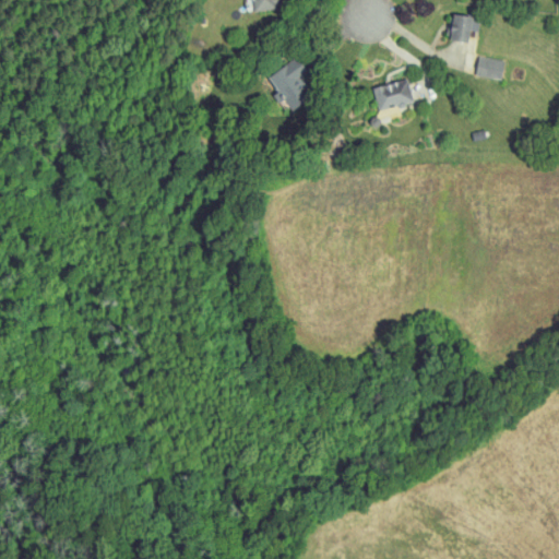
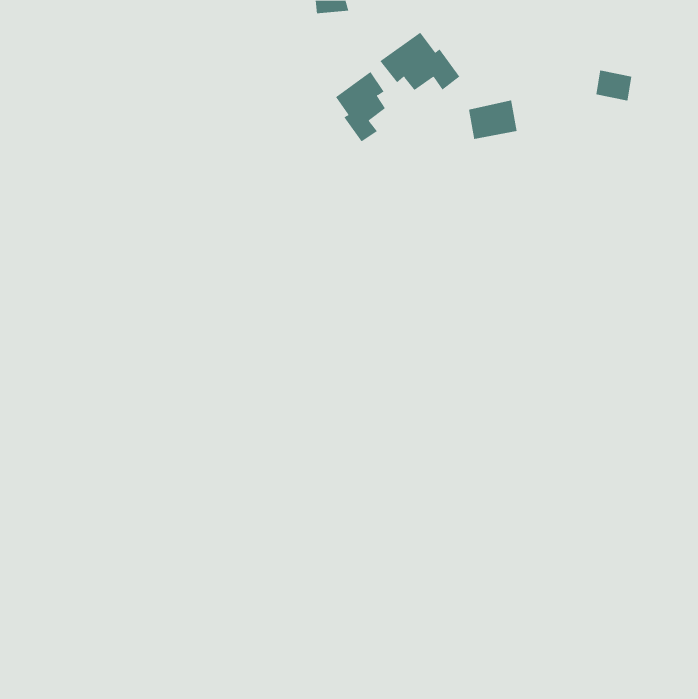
building: [448,14,480,44] -> none
building: none -> [380,32,460,91]

